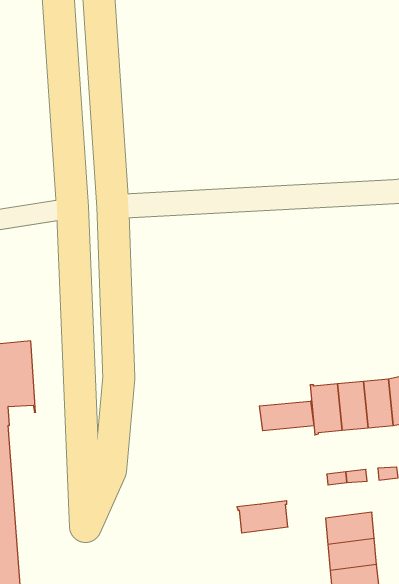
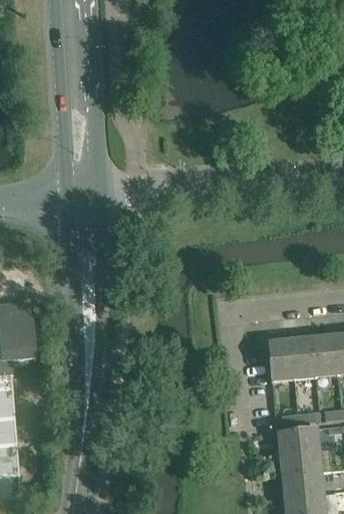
building: [259,401,314,431] -> none
building: [237,501,288,533] -> [276,427,319,454]

